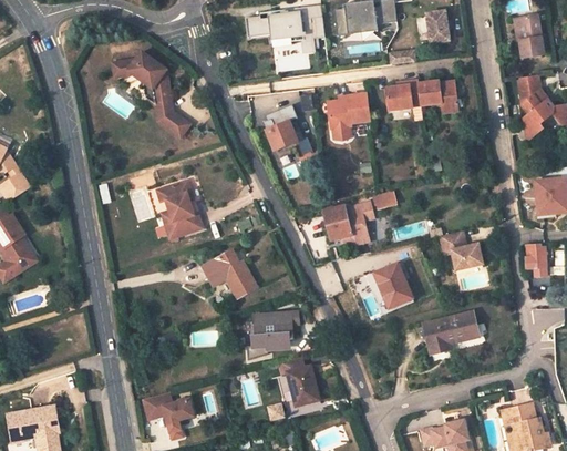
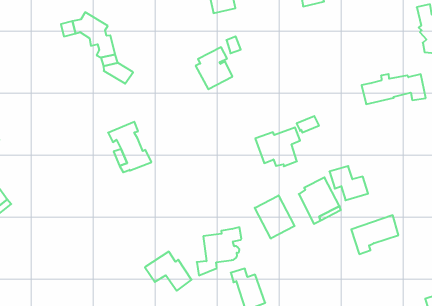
building: [385,78,457,110] -> [362,74,426,104]
building: [327,92,369,129] -> none
building: [439,229,481,268] -> [329,166,368,200]
building: [203,252,255,297] -> [145,252,192,291]
building: none -> [255,195,295,239]

